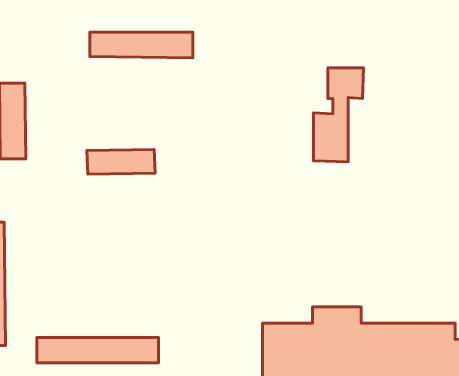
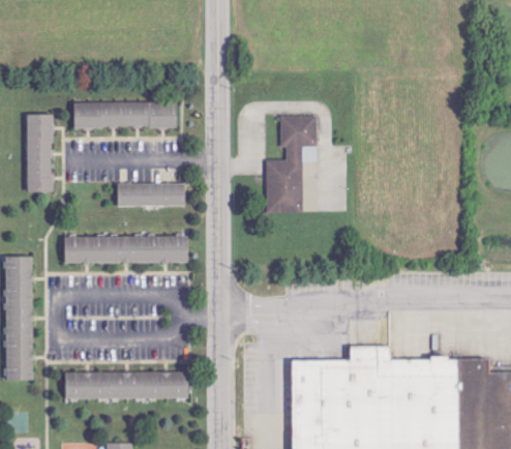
building: [90,32,193,58] -> [73,102,178,128]
building: [314,68,364,162] -> [266,116,317,211]
building: none -> [64,236,189,263]

